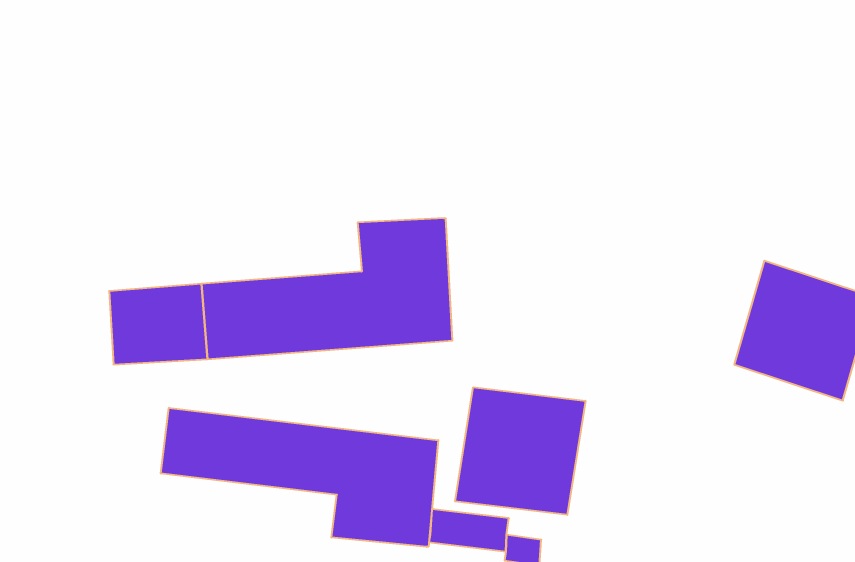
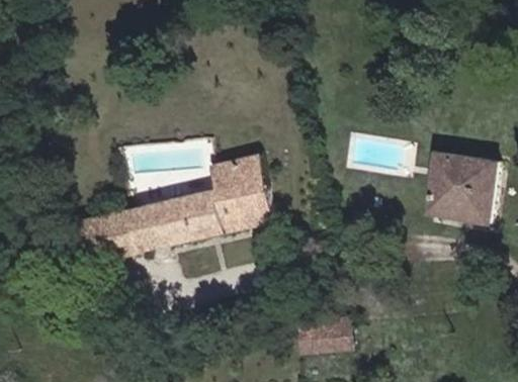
building: [455,387,585,515] -> none
building: [161,408,438,547] -> none

